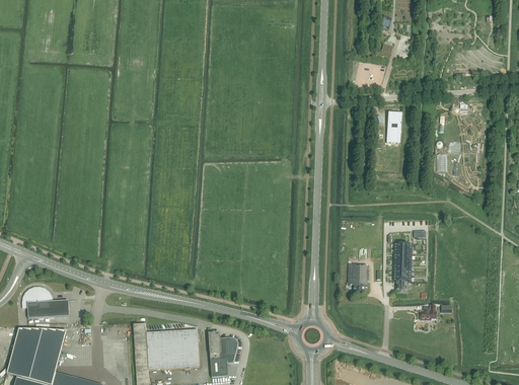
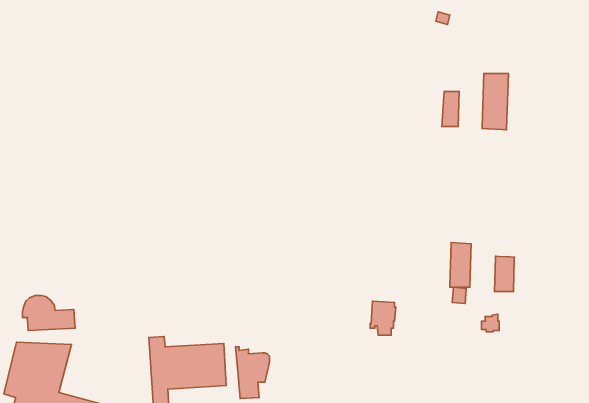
building: none -> [482,73,508,130]
building: none -> [495,256,514,291]
building: [347,262,369,292] -> [370,301,396,335]

